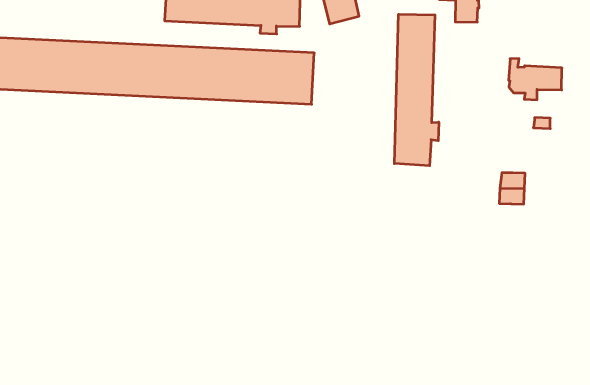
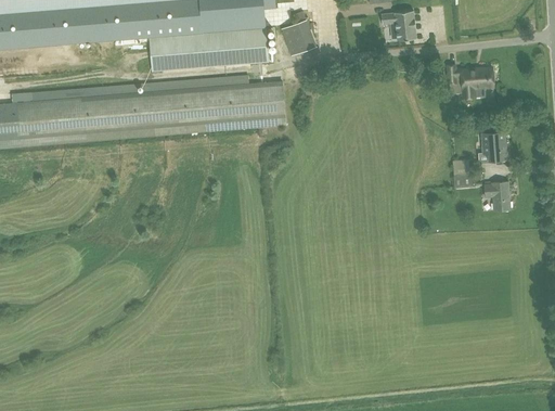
building: [394,14,439,166] -> none
building: none -> [480,129,506,158]
building: none -> [483,179,509,208]

